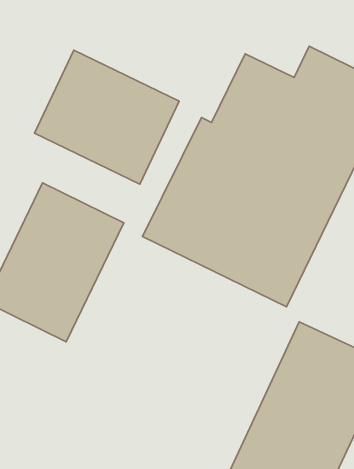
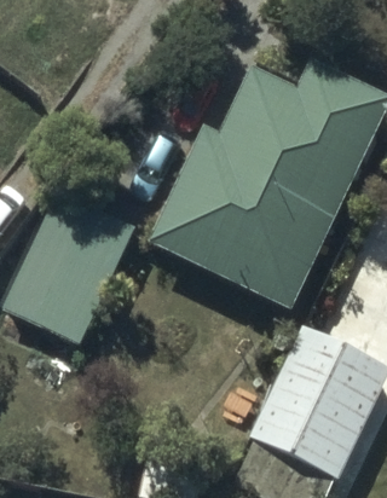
building: [34,50,179,184] -> none

